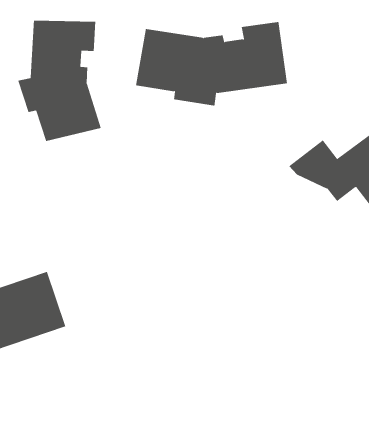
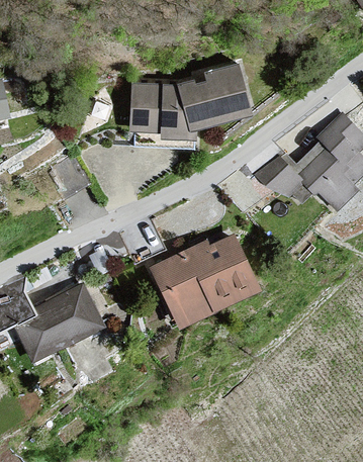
building: [18,20,101,142] -> none
building: none -> [155,237,257,324]

